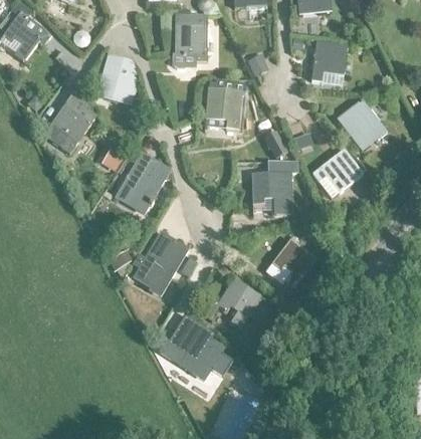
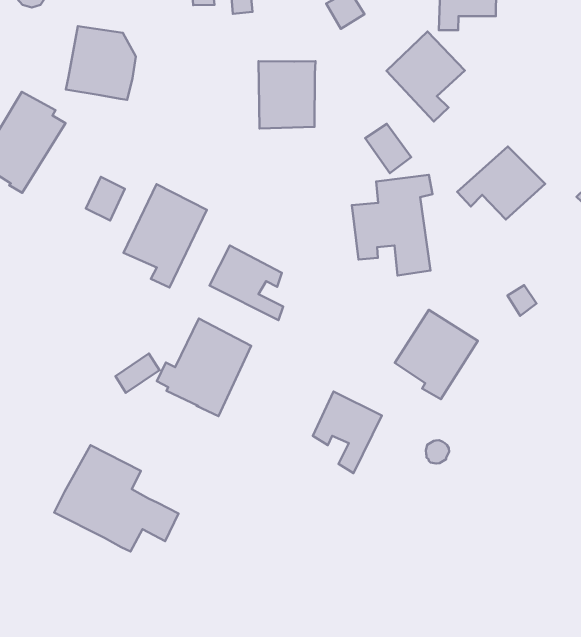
building: [337,99,381,151] -> [387,31,465,121]
building: none -> [210,245,283,320]
building: [162,317,232,380] -> [54,445,178,552]

